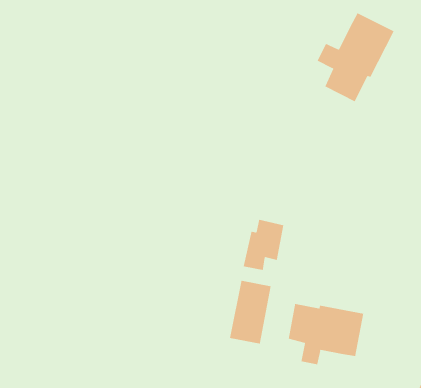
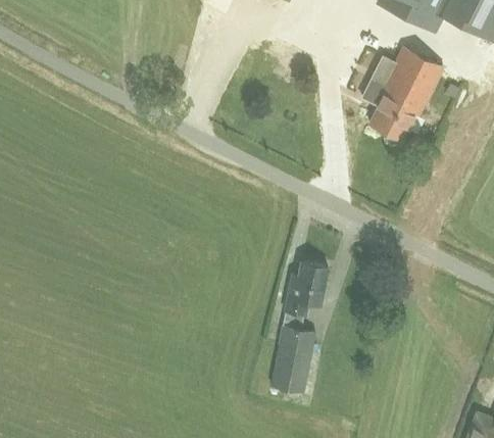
building: [288,303,364,365] -> none

